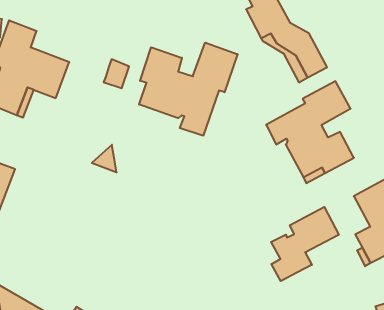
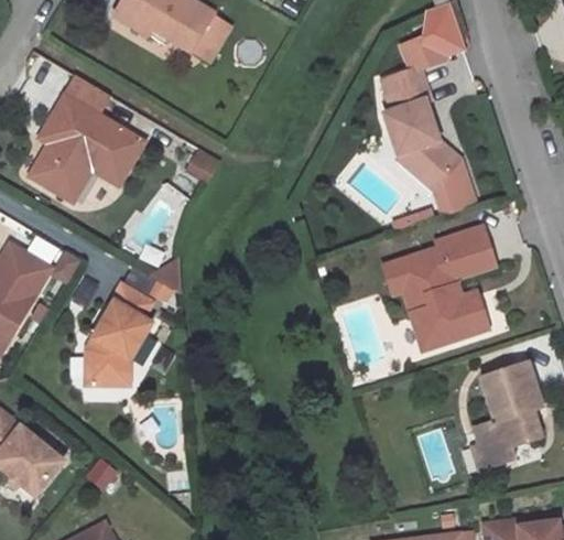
building: [139,43,238,136] -> none
building: none -> [85,283,152,384]
building: [271,207,339,281] -> none

